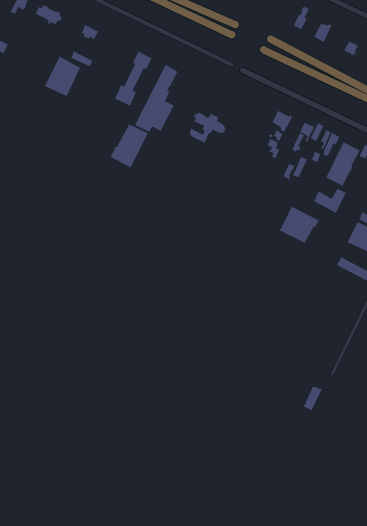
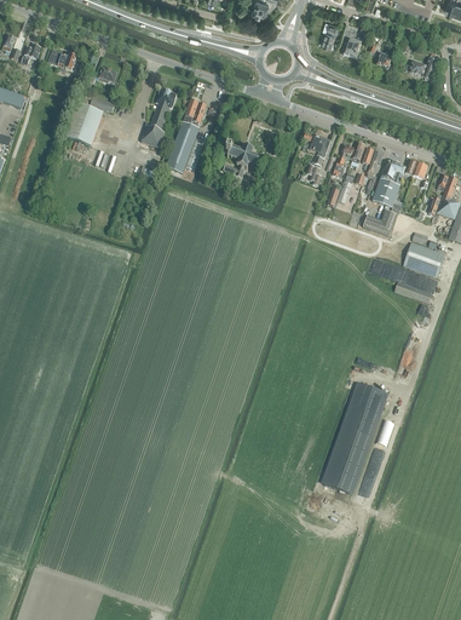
building: [110,124,148,168] -> none
building: [279,206,320,243] -> none
building: none -> [323,381,386,493]

